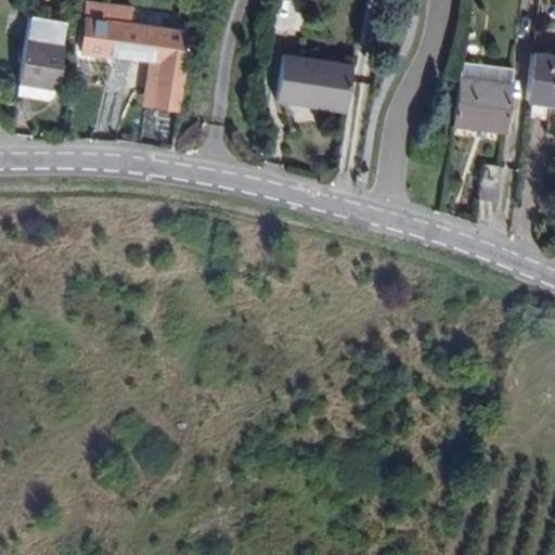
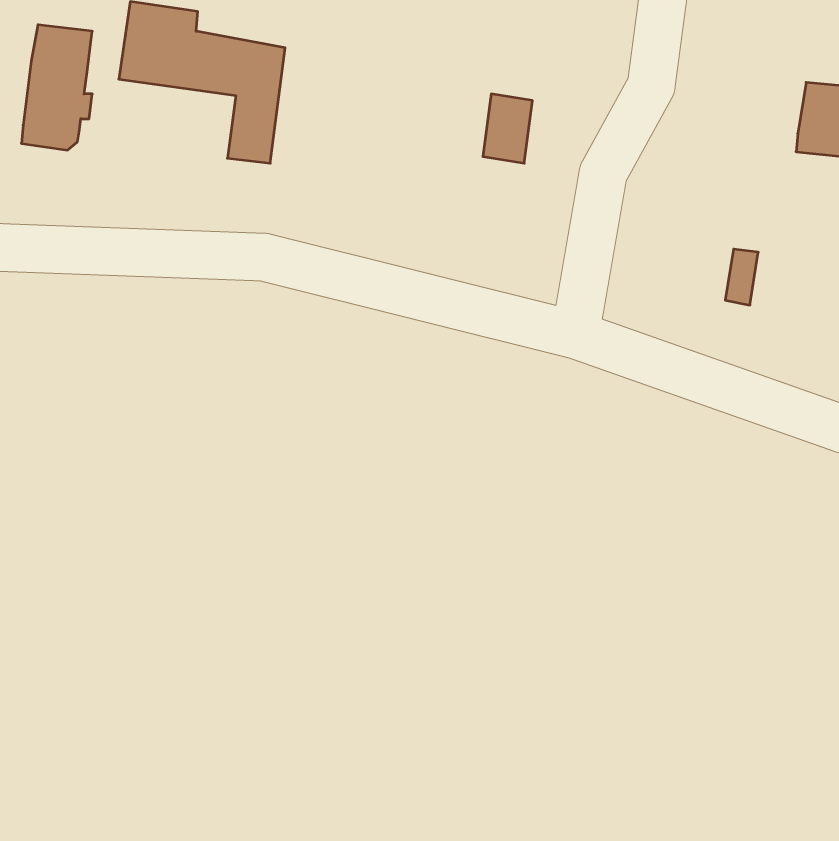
building: [274,55,325,106] -> none
building: [453,63,514,140] -> none

